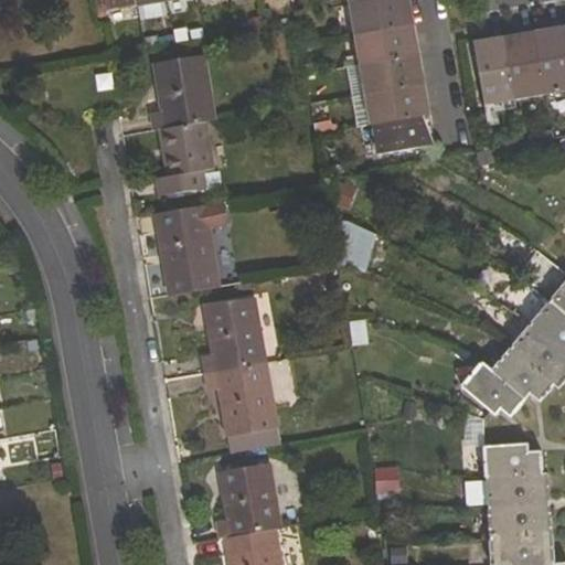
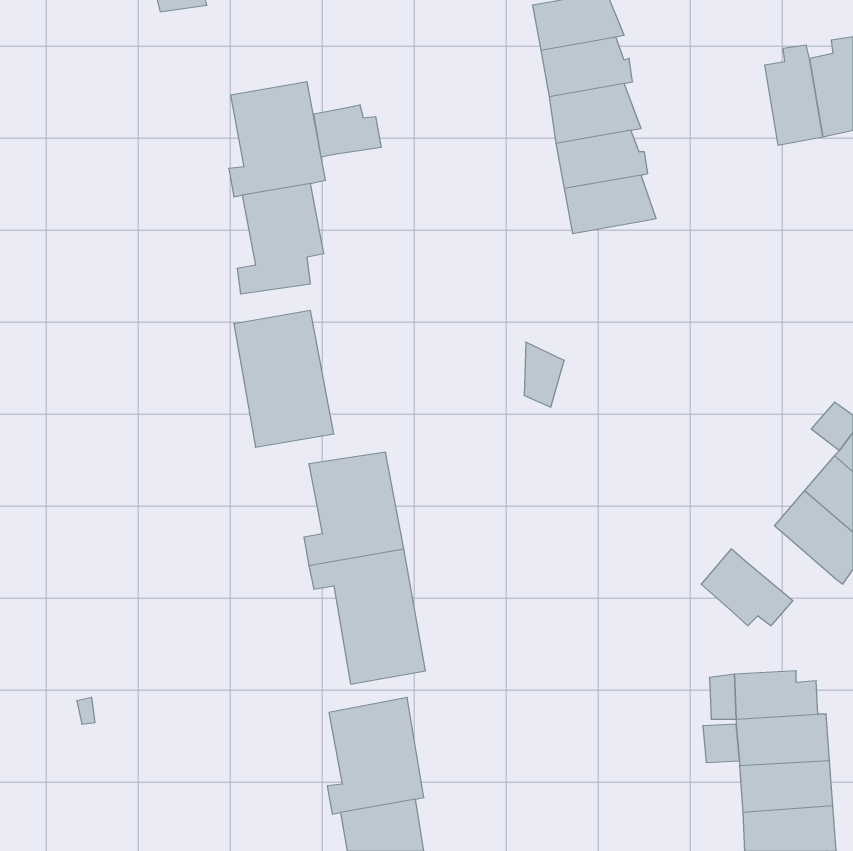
building: [475,35,514,100] -> none
building: none -> [314,105,381,157]
building: [492,348,553,399] -> none

